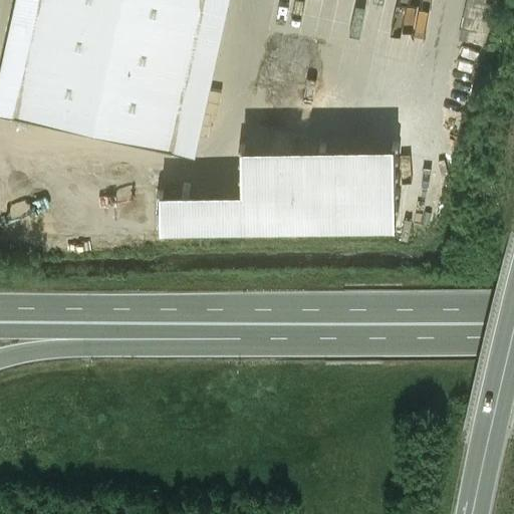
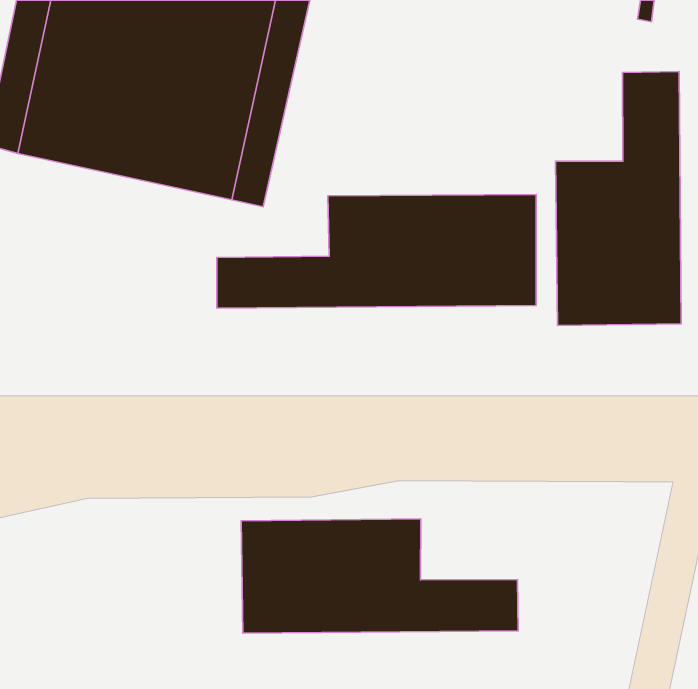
building: none -> [556,72,681,326]
building: none -> [241,519,518,633]

